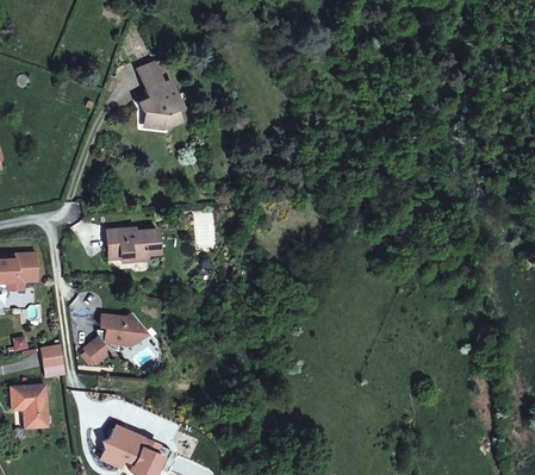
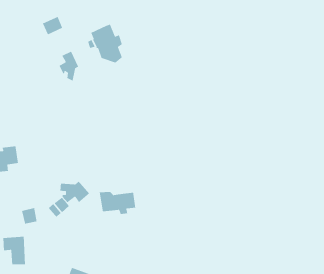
building: [133,60,164,88] -> [42,16,63,35]
building: none -> [59,50,79,82]
building: [101,230,156,264] -> [99,191,136,215]

